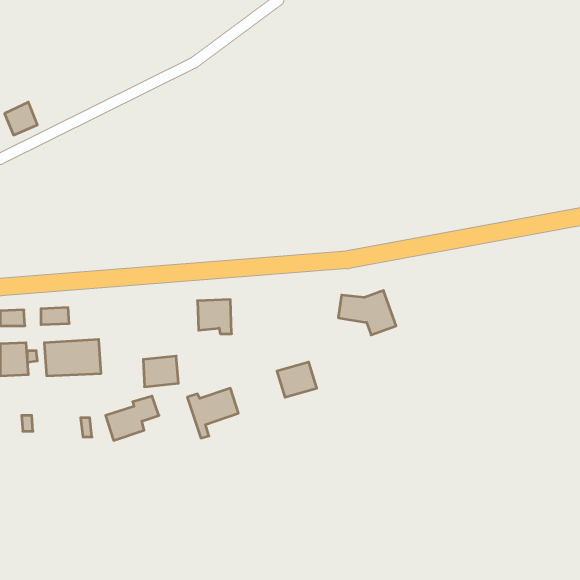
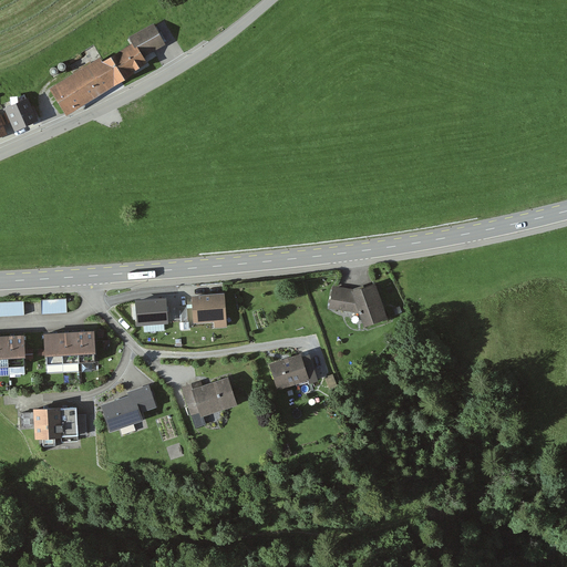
building: none -> [48,25,164,113]
building: [143,356,178,387] -> [135,293,169,323]
building: none -> [34,408,63,437]

